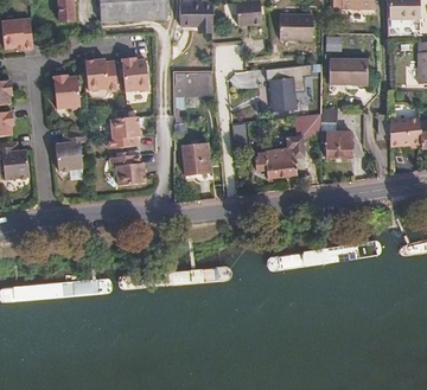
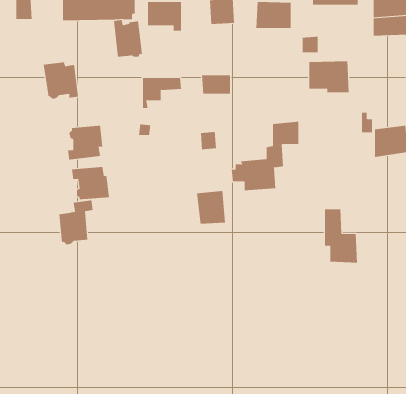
building: [121,57,148,91] -> [113,20,143,57]
building: [53,73,81,108] -> none
building: [269,75,295,109] -> none
building: [320,107,351,156] -> [324,209,358,263]
building: [56,130,88,172] -> [59,200,93,245]
building: [181,142,209,173] -> [196,191,226,224]

